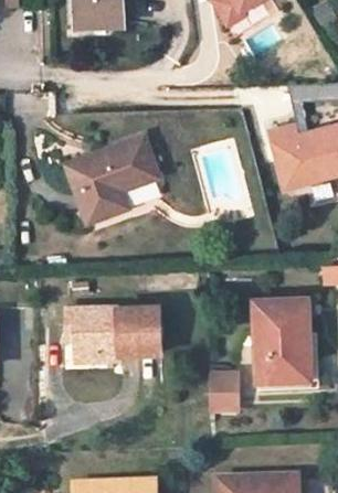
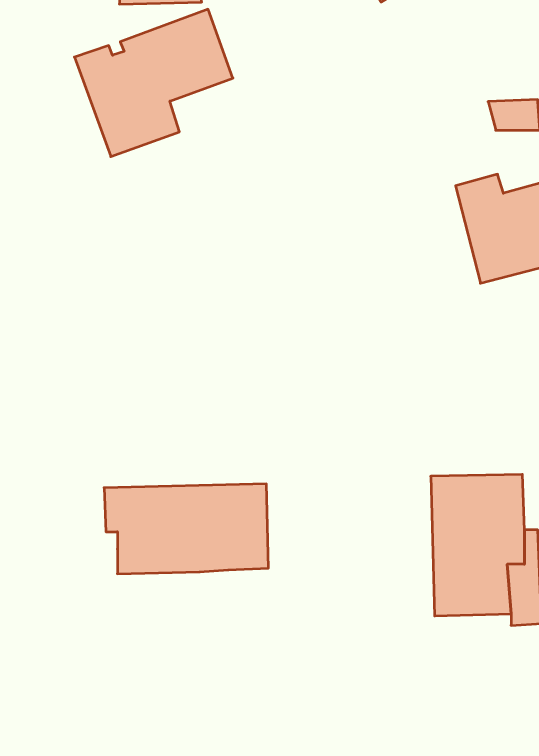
building: [66,137,158,222] -> [74,9,233,157]
building: [210,367,244,412] -> none

